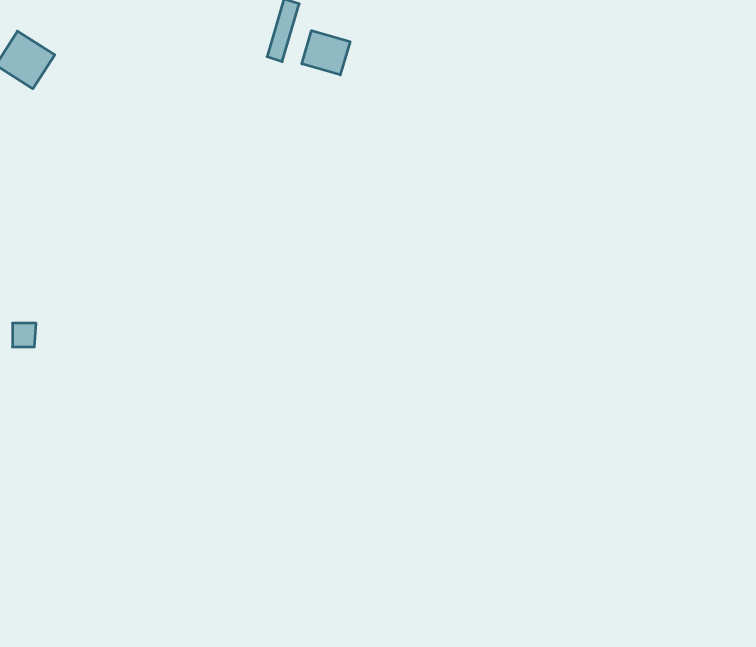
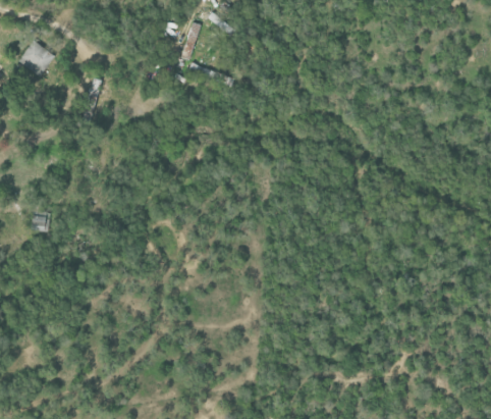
building: [302,31,350,75] -> none

